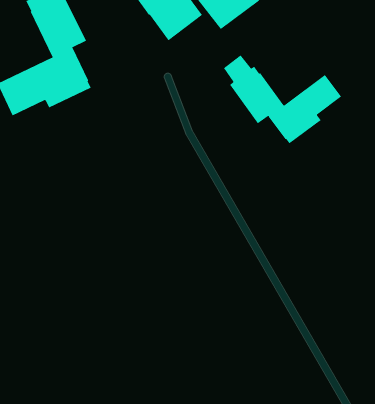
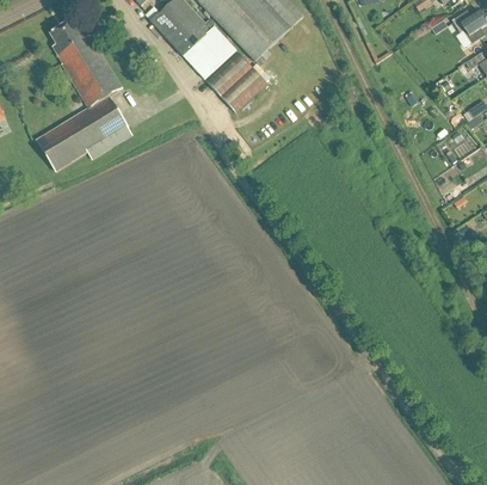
building: none -> [205,51,265,111]
building: [223,54,342,144] -> none

